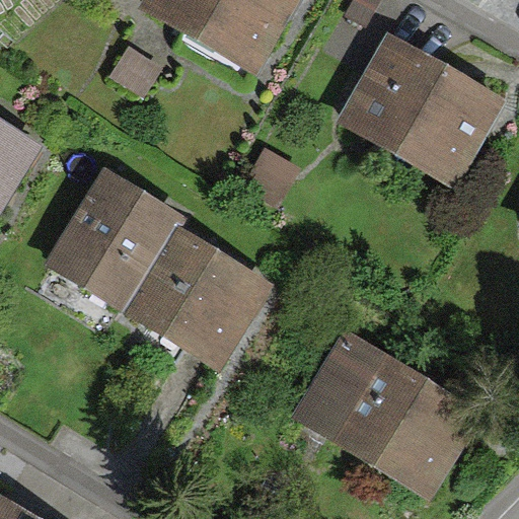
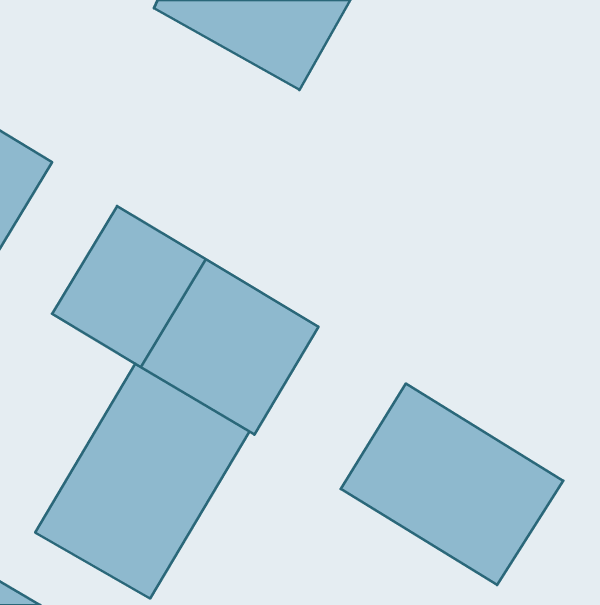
building: [326,22,507,183] -> none
building: none -> [35,364,250,598]

